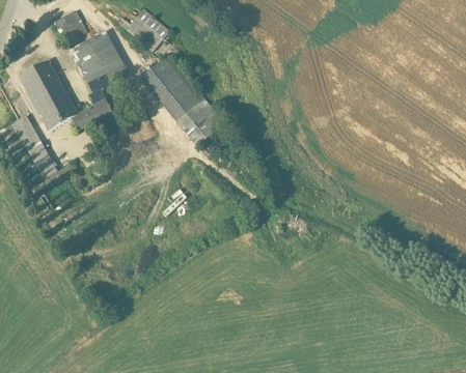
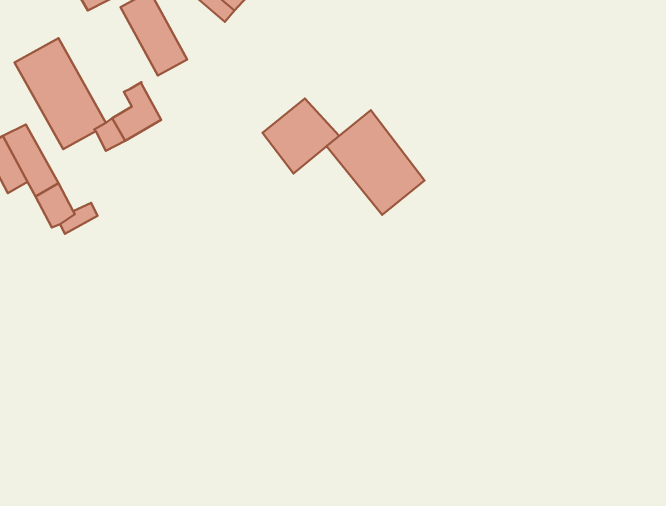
building: [70,39,110,91] -> none
building: [141,53,203,119] -> [327,110,425,215]

